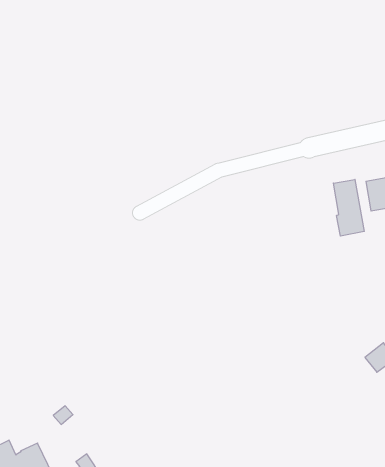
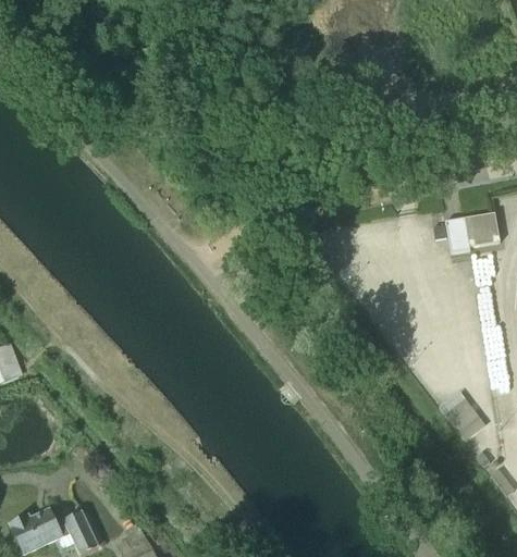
building: [333,179,364,236] -> none

